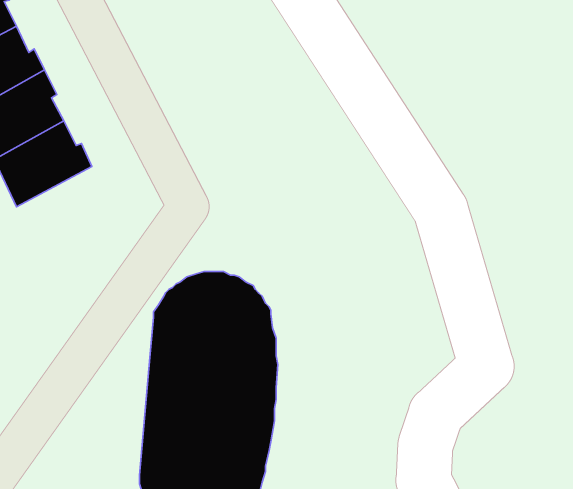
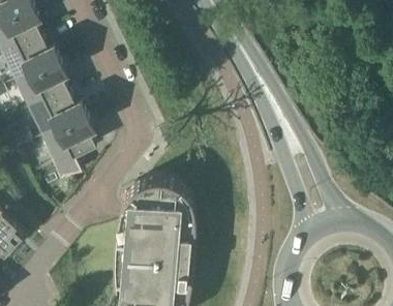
building: none -> [43,115,99,178]

